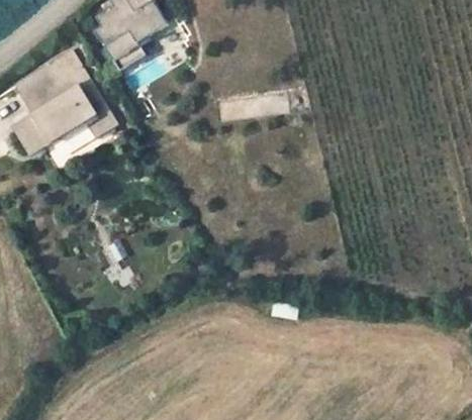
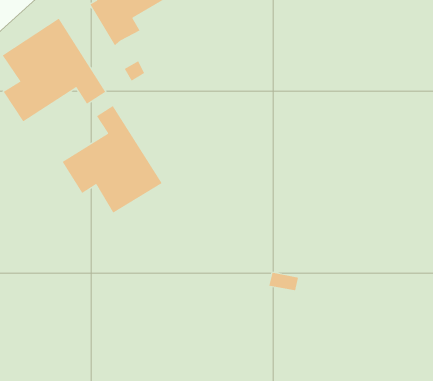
building: none -> [62,105,163,214]

